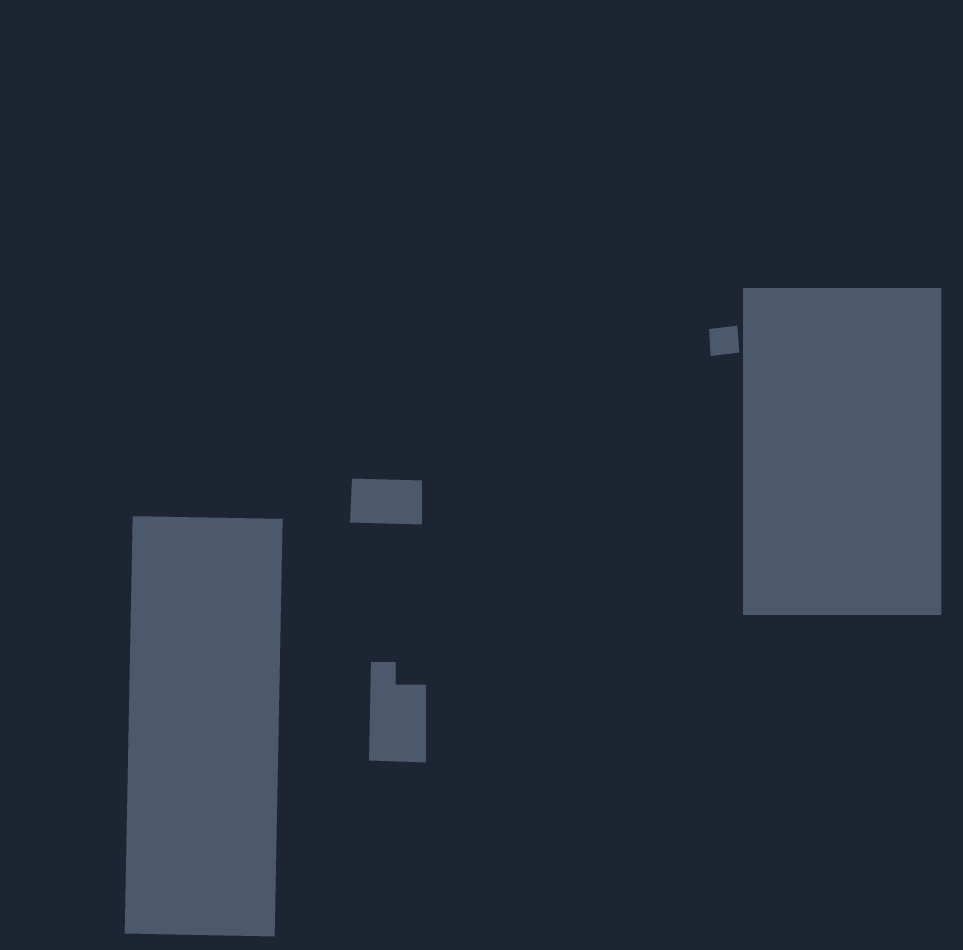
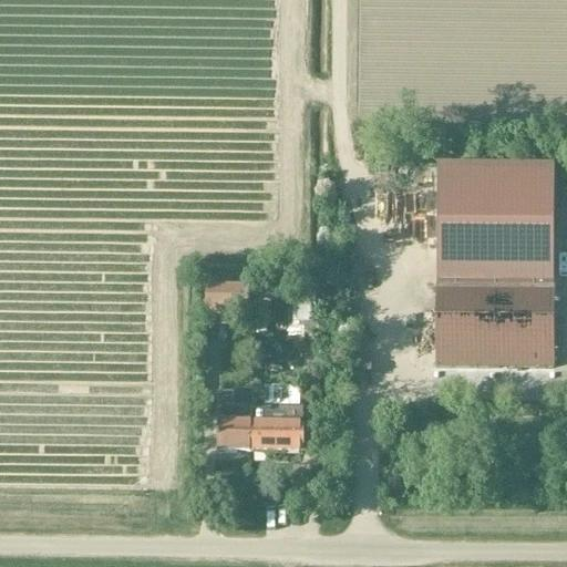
building: [124,515,283,937] -> none
building: none -> [251,401,305,447]

